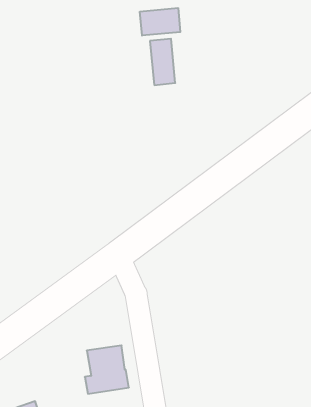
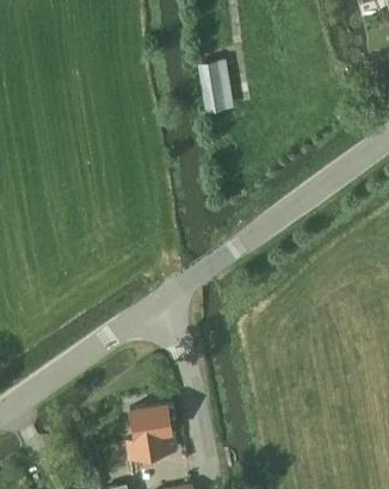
building: [140,8,180,36] -> none

